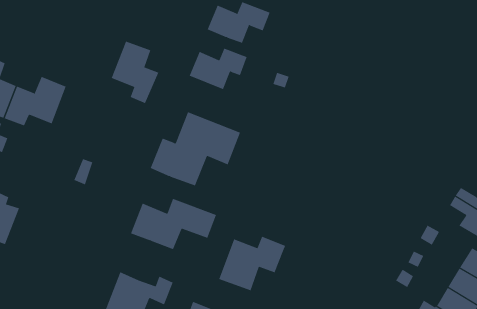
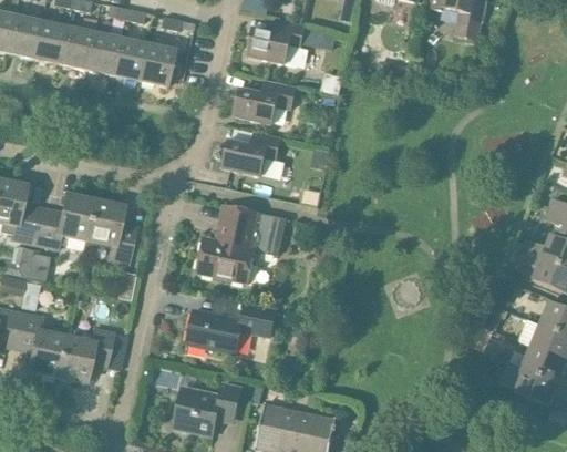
building: [111,41,159,104] -> [85,199,135,263]
building: none -> [56,328,112,383]
building: [218,236,286,291] -> none

